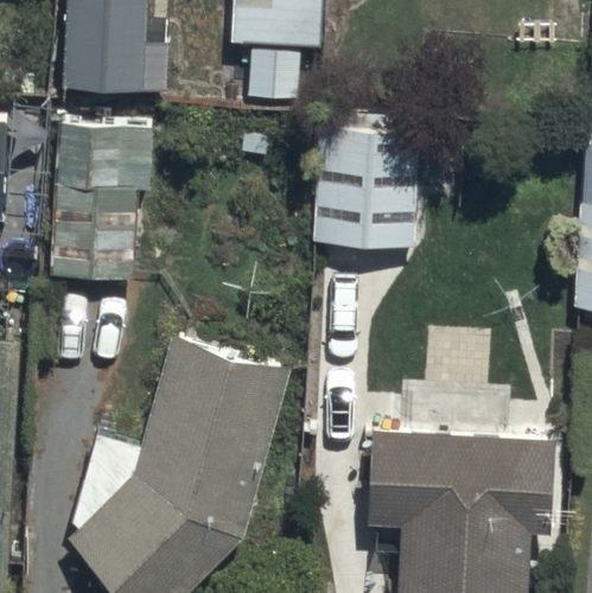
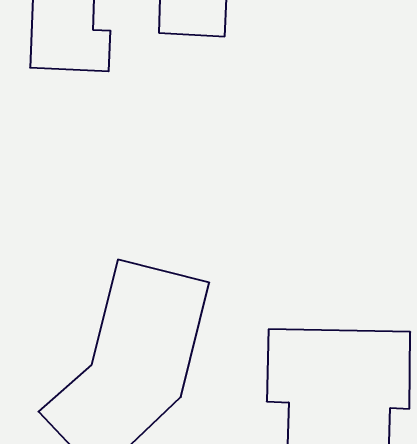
building: [49,116,154,280] -> none
building: [314,152,415,246] -> none

